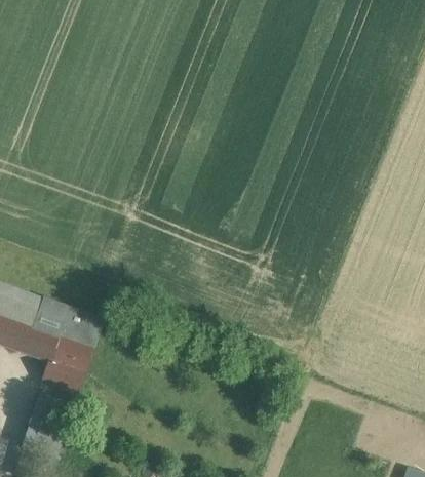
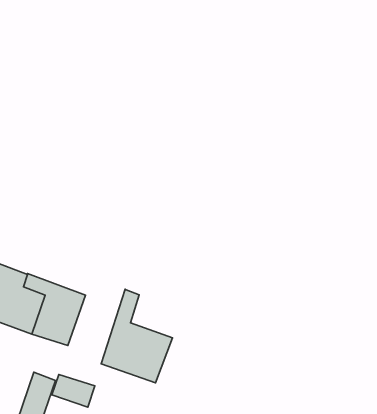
building: none -> [101,289,172,383]
building: [41,360,84,393] -> [52,374,95,407]

